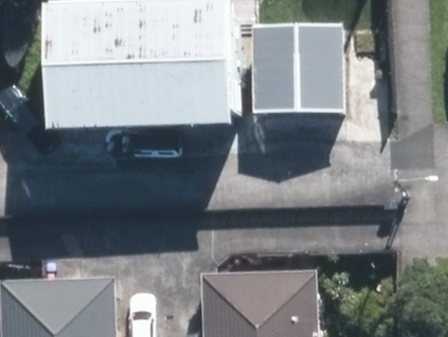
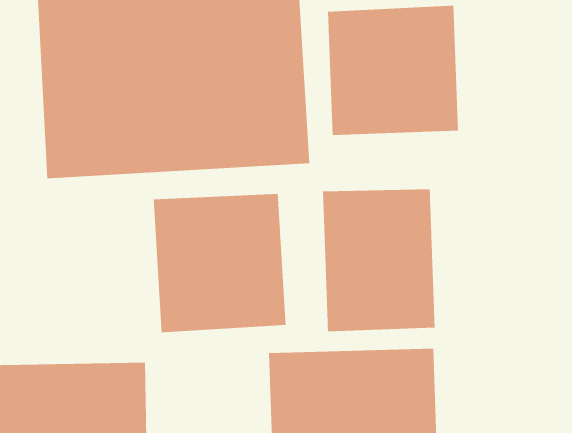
building: none -> [322,188,435,332]
building: none -> [153,193,286,333]

